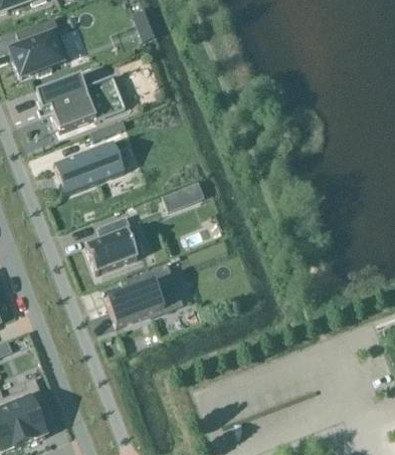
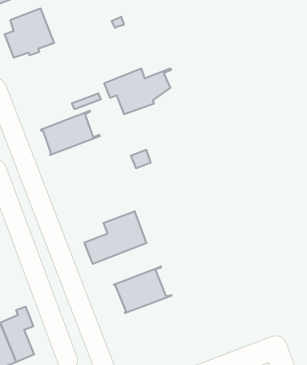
building: [36,74,118,130] -> [104,69,171,114]
building: [85,215,139,272] -> none
building: none -> [114,266,172,313]

